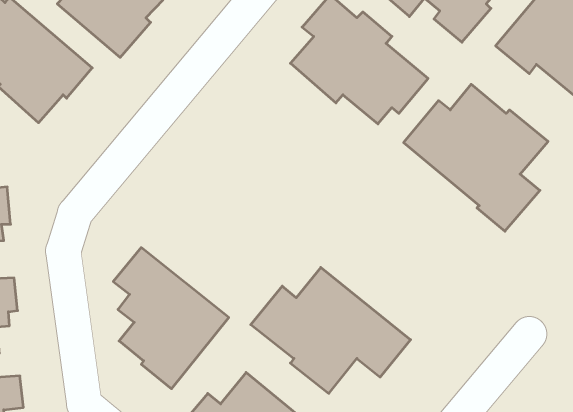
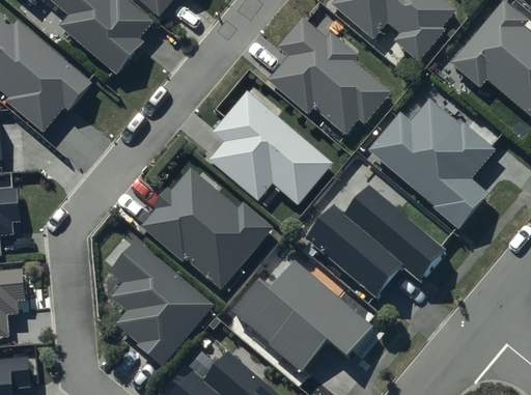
building: none -> [207,90,333,205]
building: none -> [141,169,272,287]
building: none -> [306,186,446,295]

